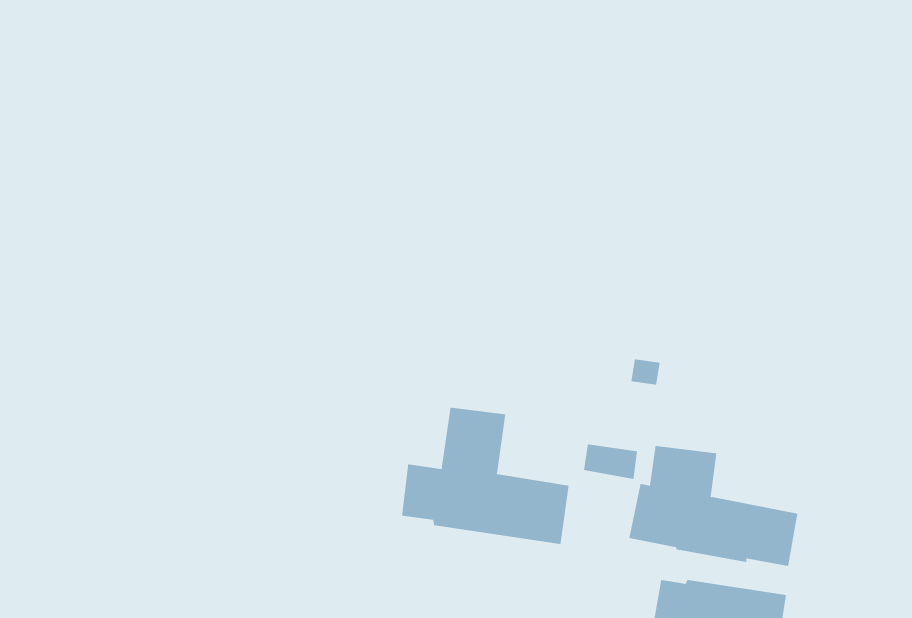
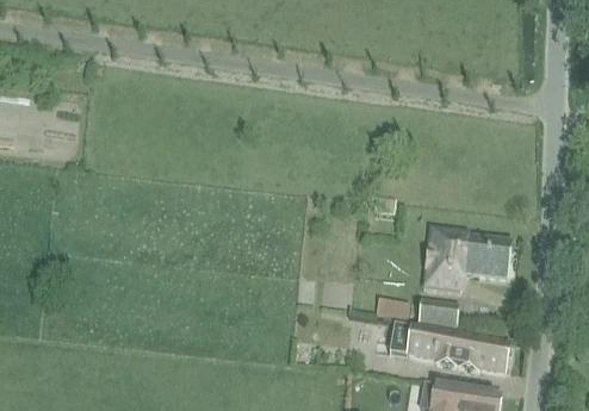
building: none -> [424,224,510,288]
building: [402,407,569,545] -> none

